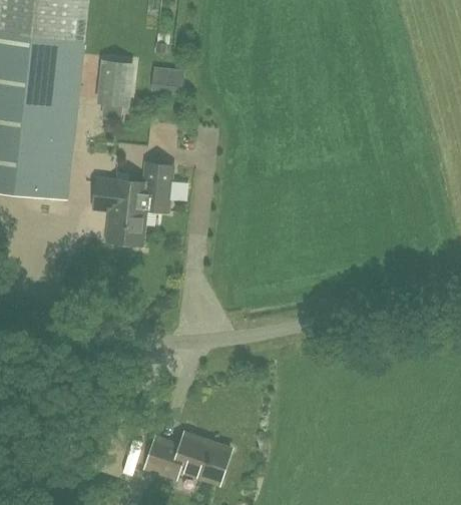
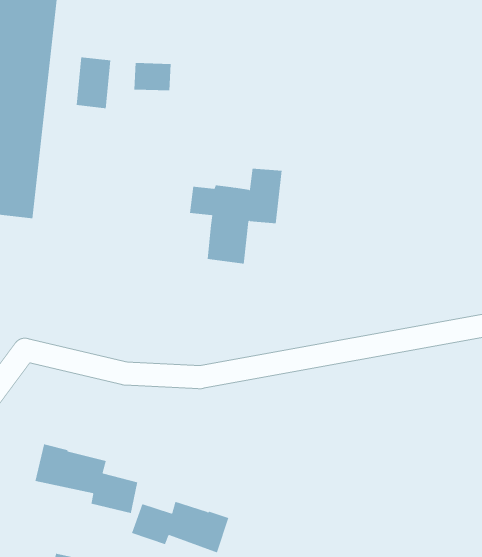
building: [93,165,172,246] -> [189,168,282,264]
building: none -> [35,444,138,514]

